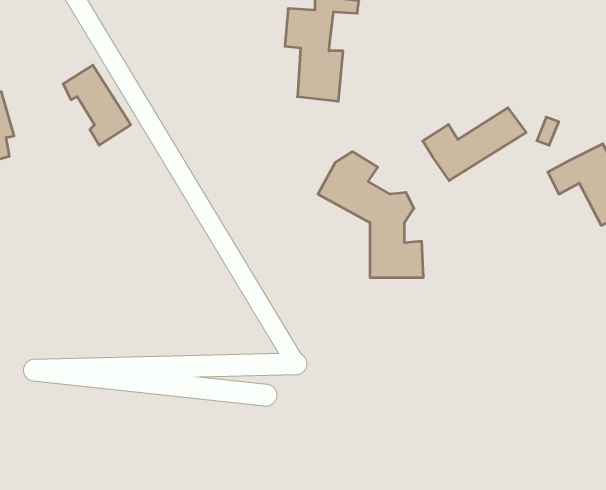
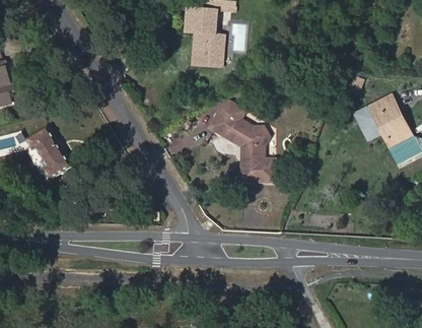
building: [63,65,131,145] -> [26,127,70,179]
building: [423,108,526,181] -> none

